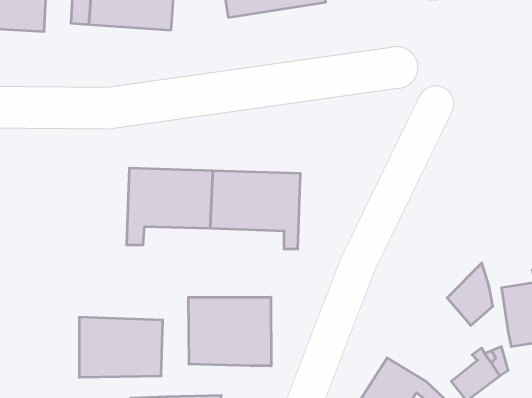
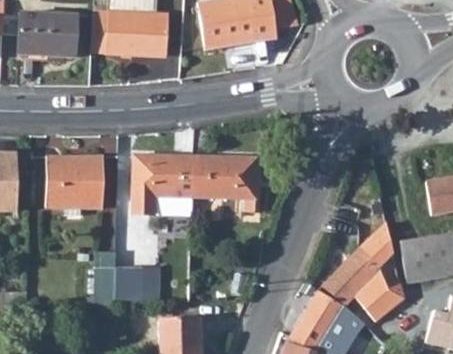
building: none -> [47,156,103,209]
building: [189,297,271,366] -> none
building: none -> [324,248,380,303]

